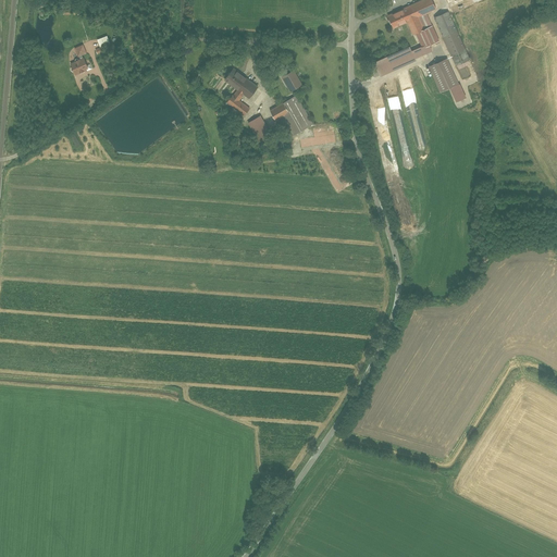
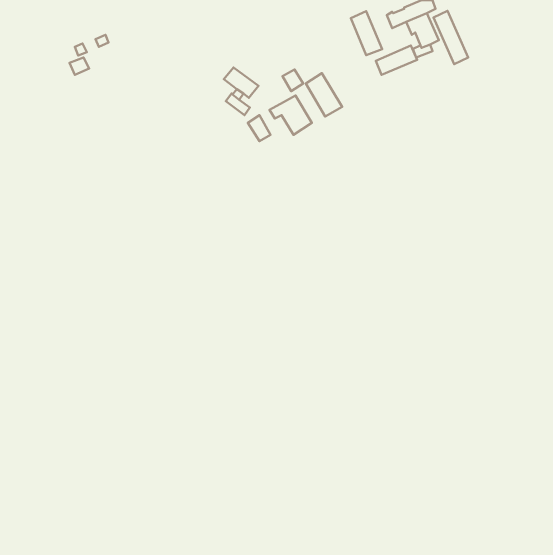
building: none -> [351,11,382,55]
building: [430,58,459,91] -> none
building: none -> [306,73,342,117]

